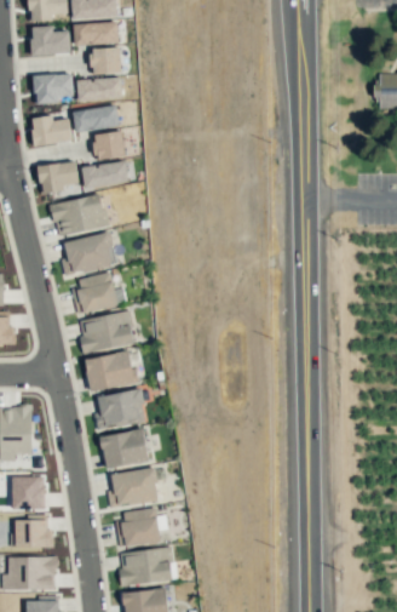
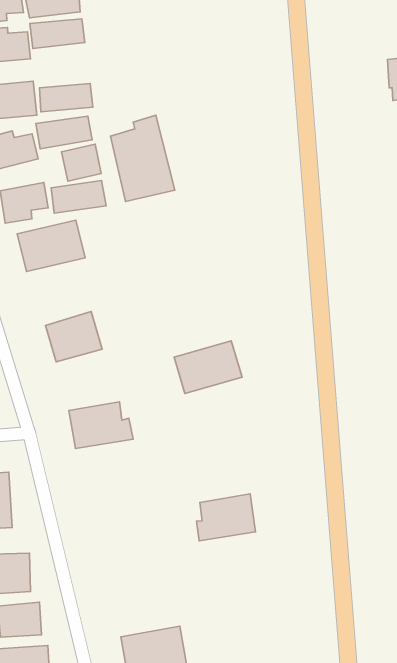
building: [91,48,121,75] -> none
building: none -> [110,115,175,201]
building: [61,233,115,276] -> none
building: [77,311,134,354] -> [174,341,242,393]
building: [93,389,146,431] -> none
building: [99,429,149,469] -> none
building: [108,469,157,507] -> [197,494,255,541]
building: [116,510,160,547] -> none

